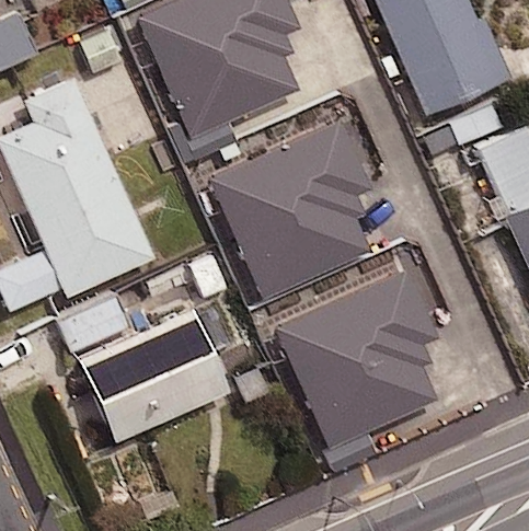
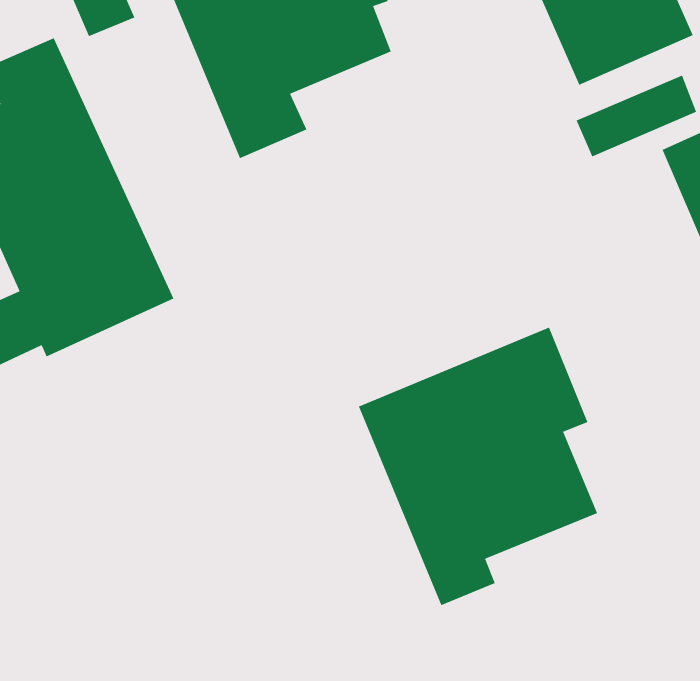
building: [209,123,369,296] -> none
building: [61,296,227,438] -> none

